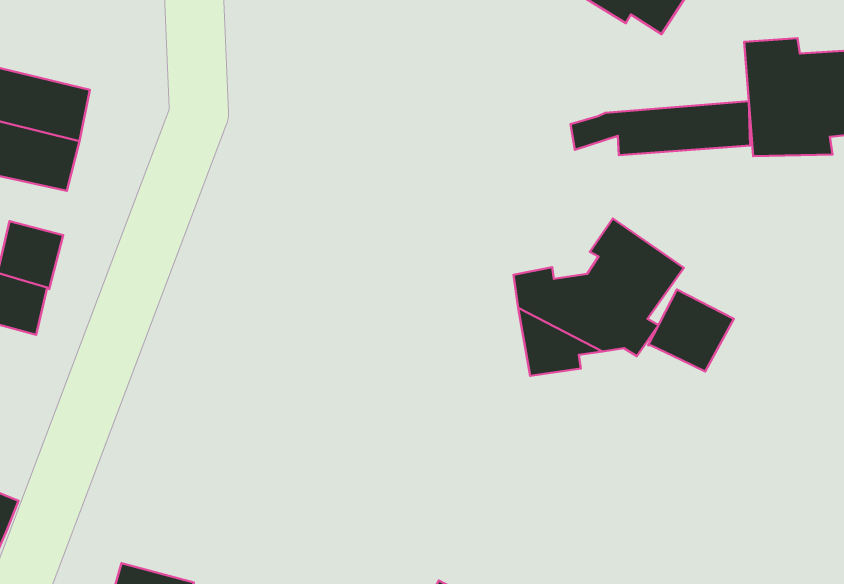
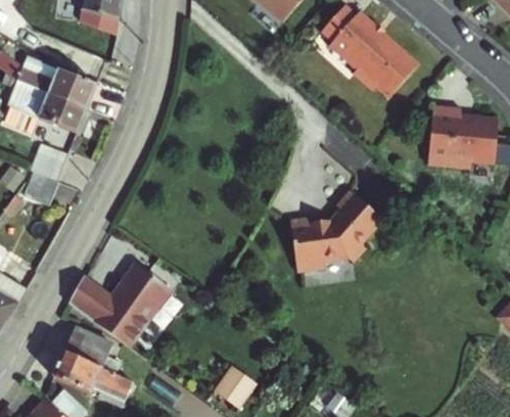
building: [571,101,750,155] -> none
building: [648,289,734,371] -> none
building: none -> [66,261,177,345]

